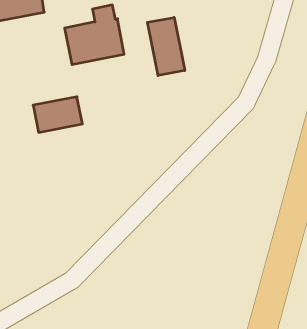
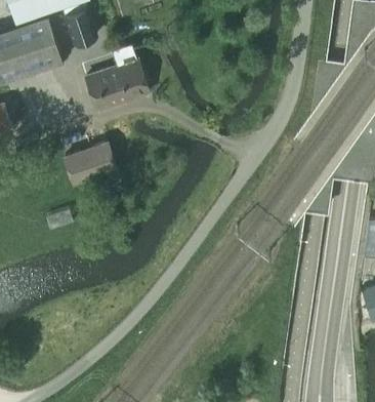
building: [147,17,185,76] -> none

